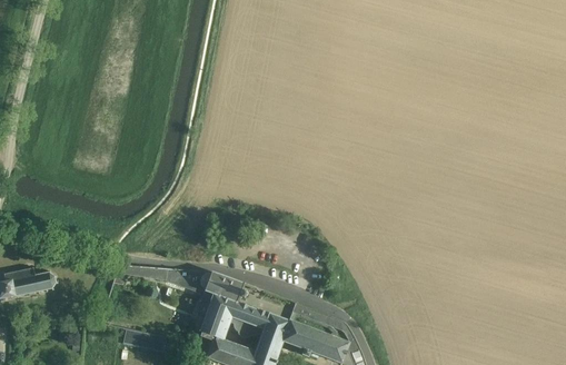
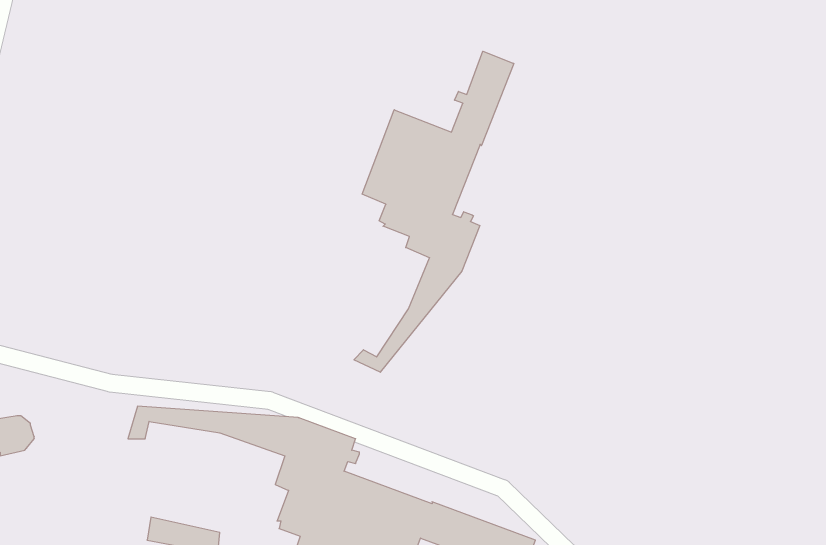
building: none -> [354,51,514,372]

